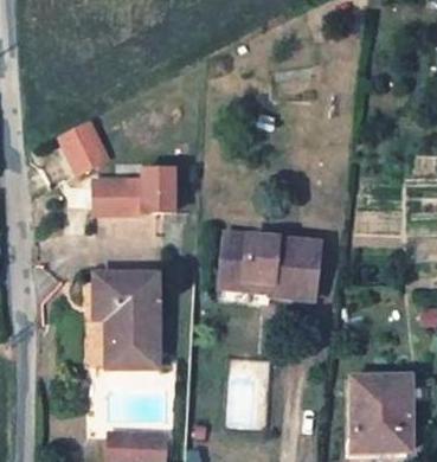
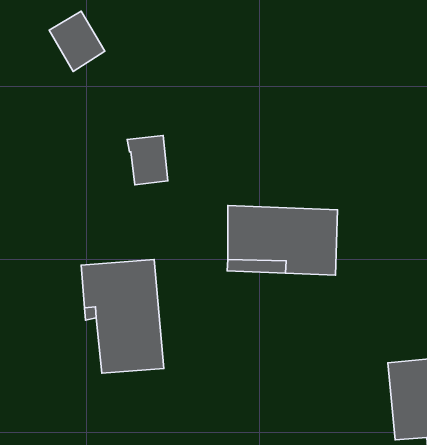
building: [59,121,105,172] -> [49,11,105,71]
building: [94,180,146,214] -> none

